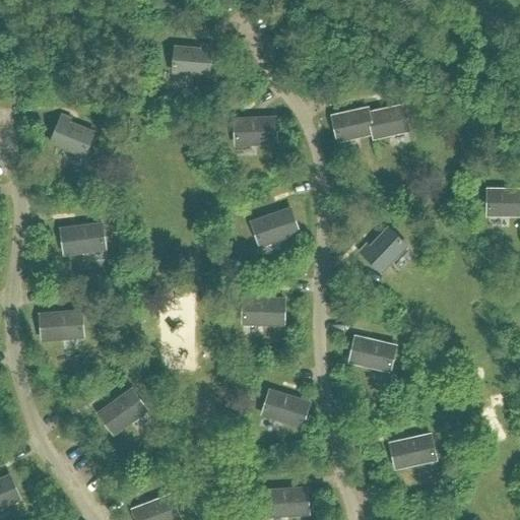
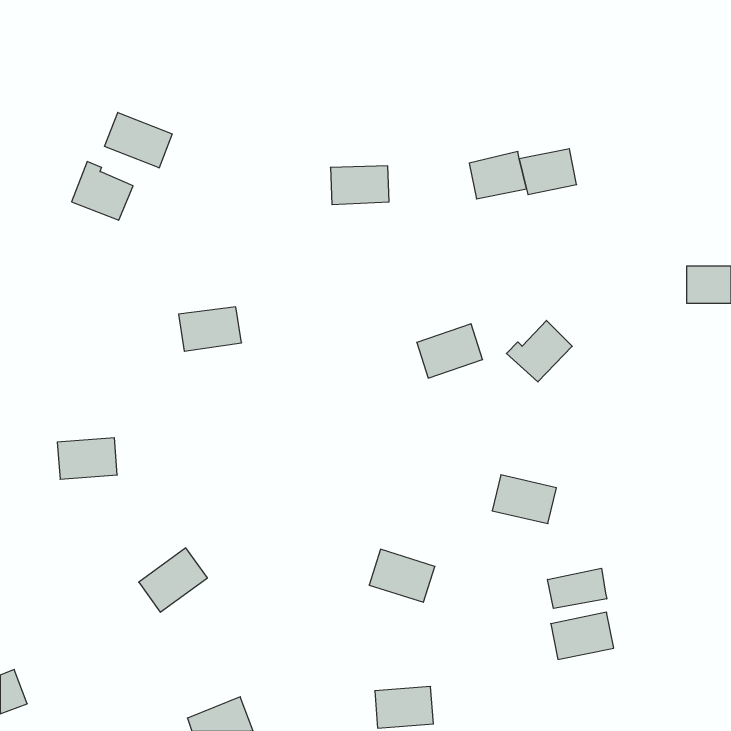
building: [173,45,211,75] -> none
building: none -> [105,112,172,168]
building: [252,208,299,247] -> [417,324,483,378]
building: [61,223,106,255] -> [179,307,242,351]
building: [244,298,284,325] -> none
building: none -> [548,568,607,608]

